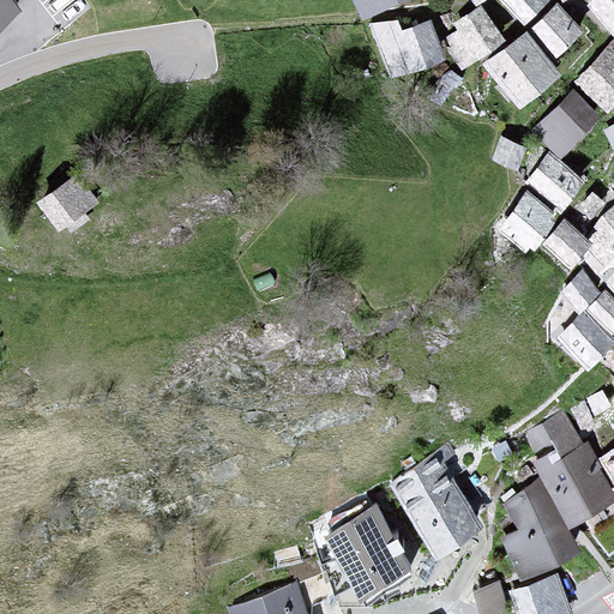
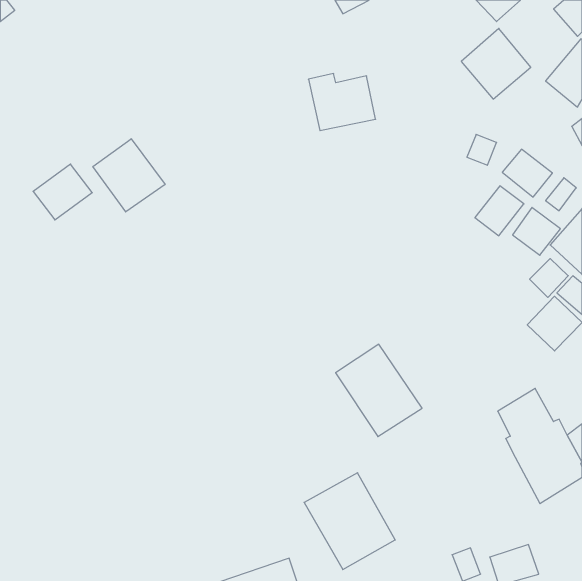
building: [532,8,582,56] -> none
building: [450,10,502,62] -> none
building: [375,13,446,73] -> [308,74,376,131]
building: [534,94,597,157] -> none
building: none -> [93,139,165,212]
building: [392,457,483,554] -> [336,344,422,437]
building: [499,477,580,583] -> none

